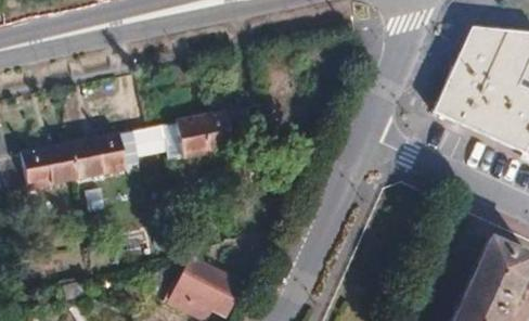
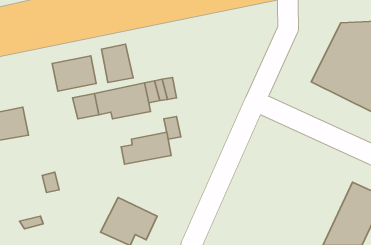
building: none -> [101,44,133,82]
building: [68,132,125,178] -> [52,56,96,91]
building: none -> [121,132,171,164]

